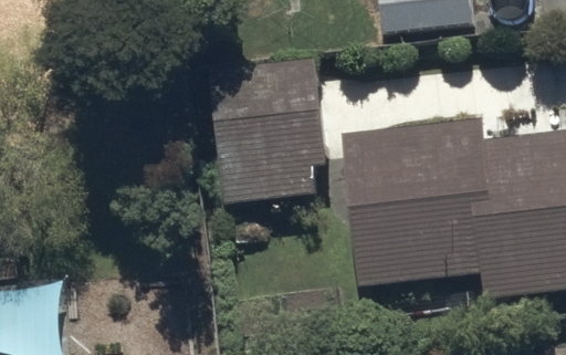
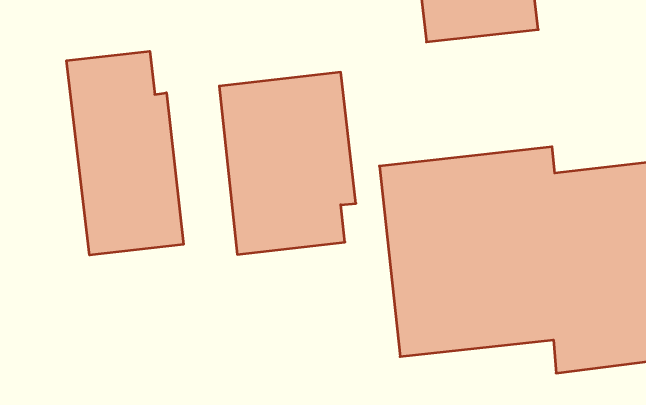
building: none -> [67,51,183,255]

